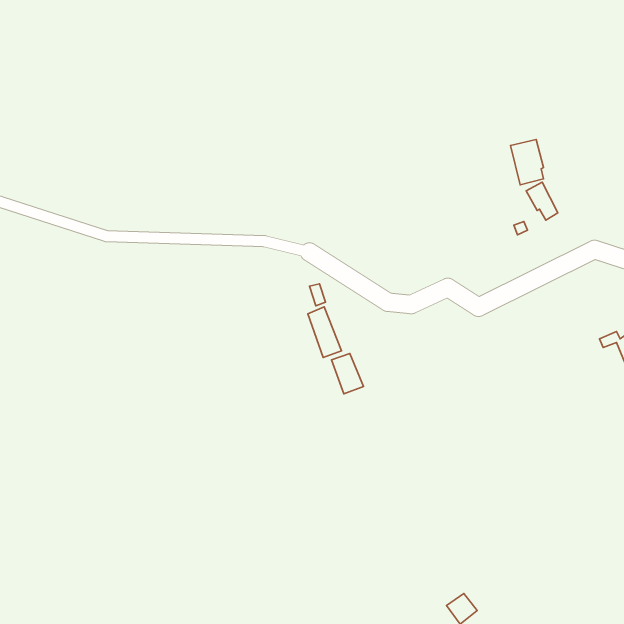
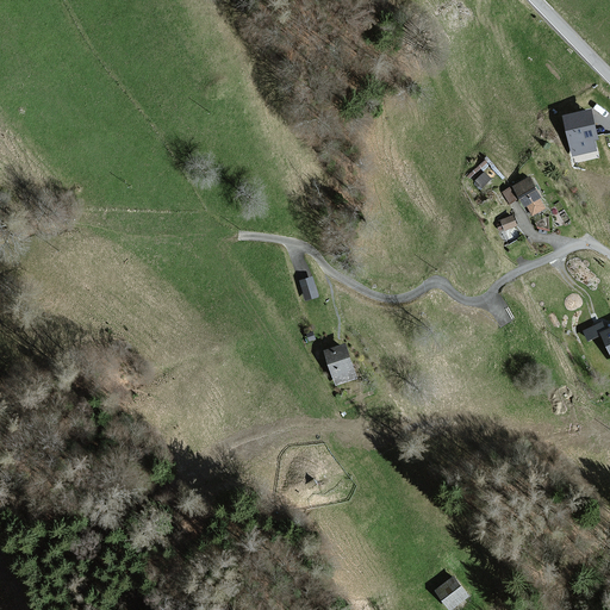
building: [511,140,544,185] -> [564,111,596,155]
building: [308,307,341,357] -> none

